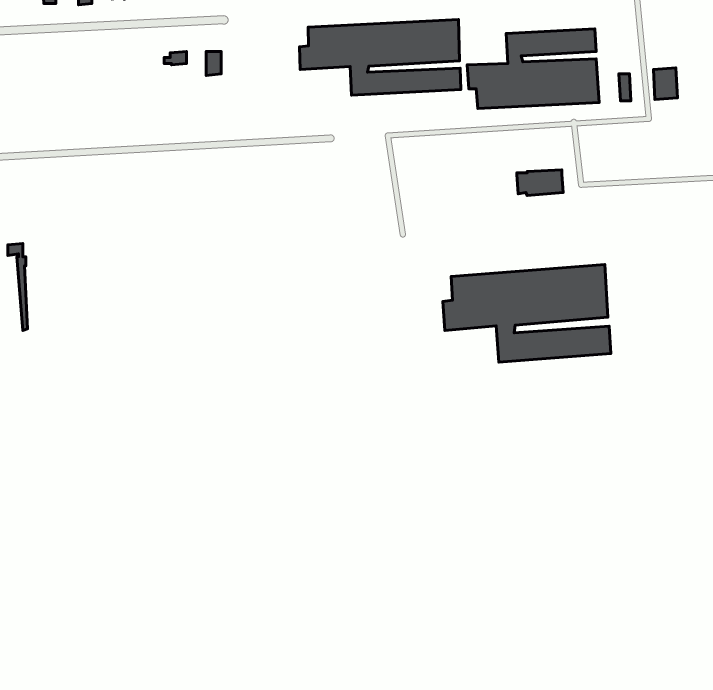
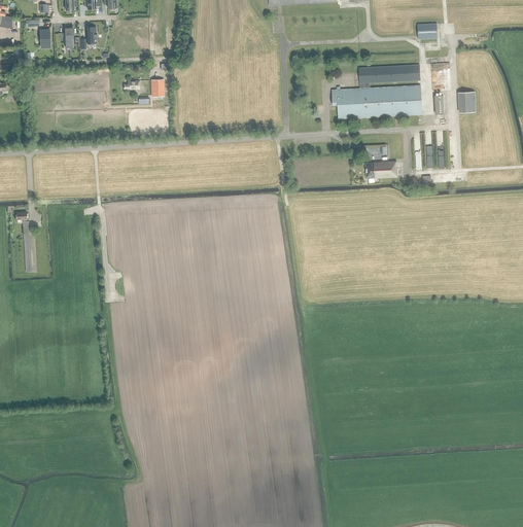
building: [299,19,461,95] -> none
building: [443,264,611,362] -> none

